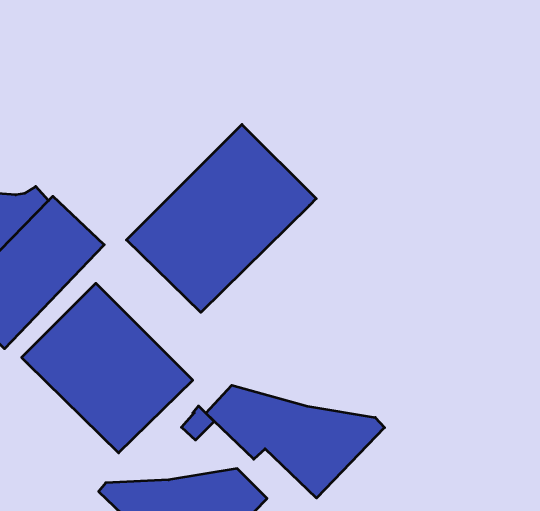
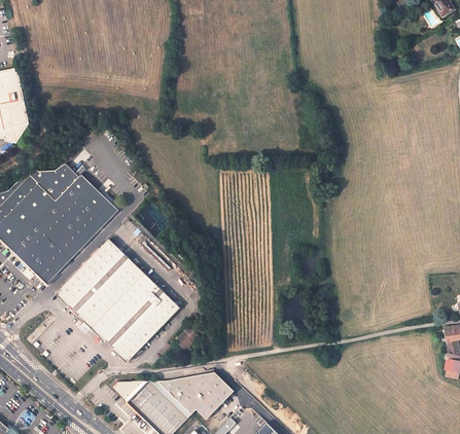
building: [126,124,316,312] -> none
building: [206,385,385,498] -> none

